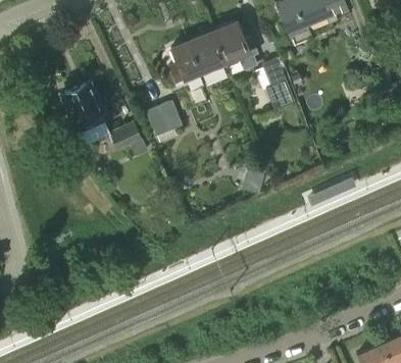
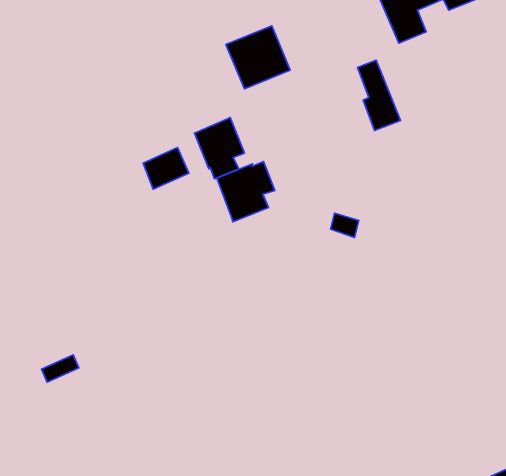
building: [202,20,258,68] -> none
building: [63,82,105,132] -> none
building: none -> [217,161,275,222]

